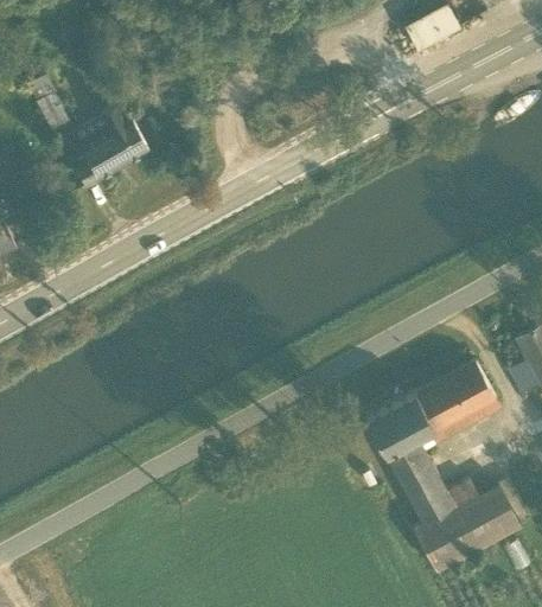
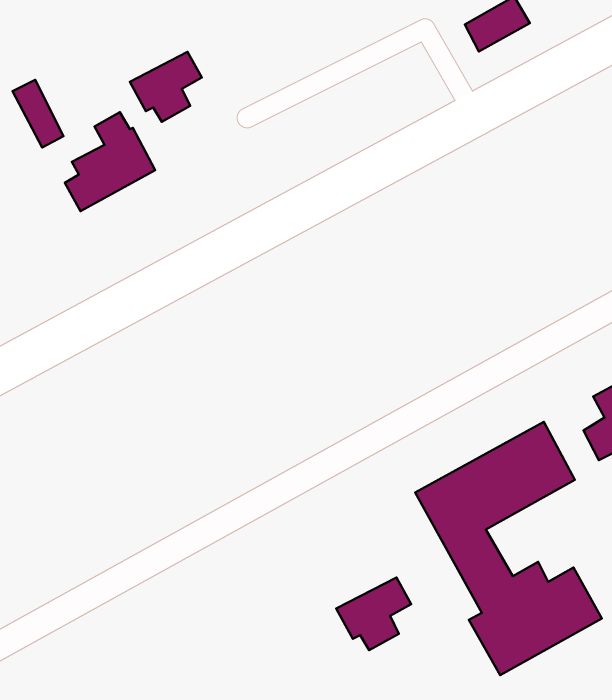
building: none -> [130,52,202,122]
building: none -> [336,577,411,650]

